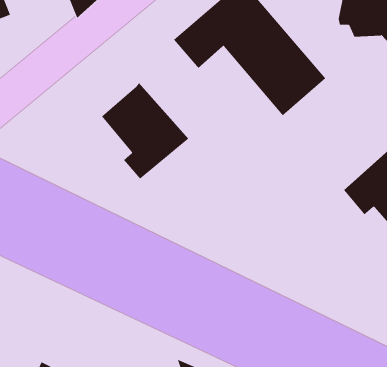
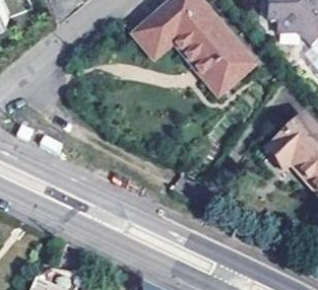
building: [101,83,189,179] -> none

